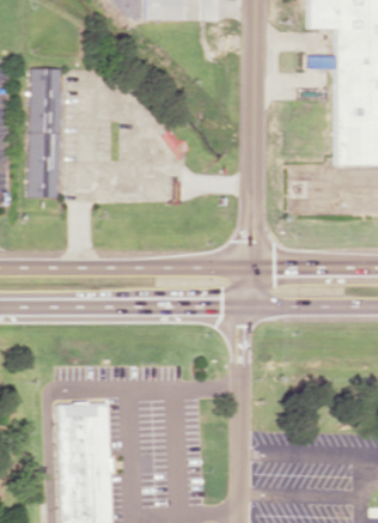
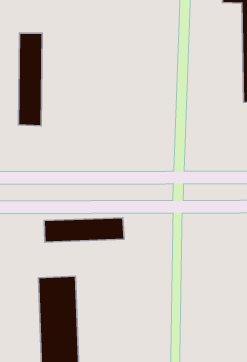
building: none -> [44,218,124,242]

